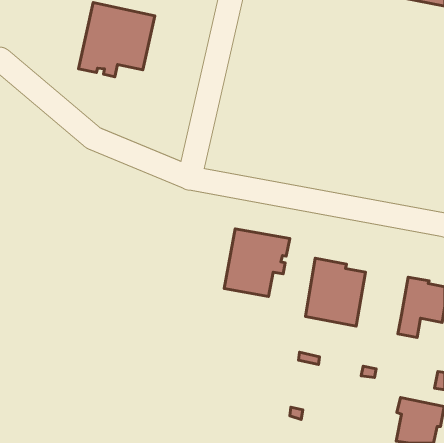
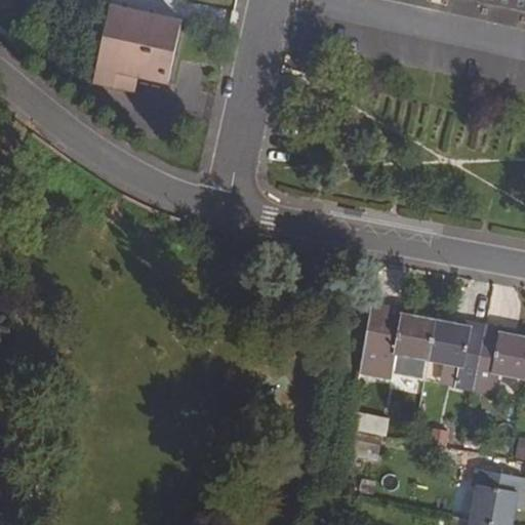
building: [224,229,290,296] -> none
building: none -> [420,320,482,393]

